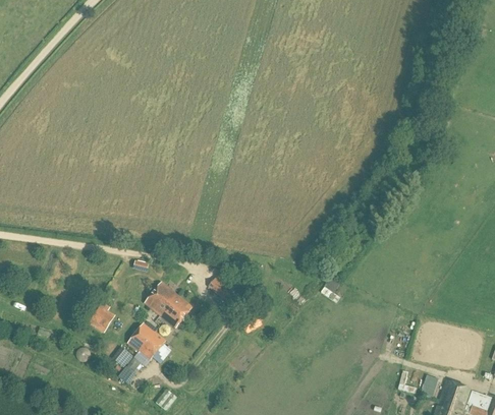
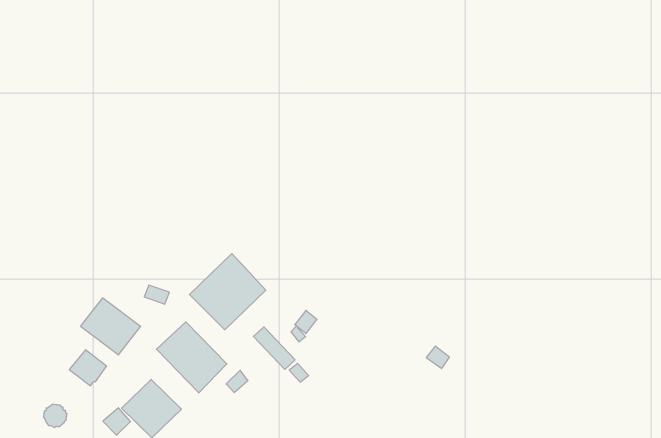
building: none -> [189,254,266,330]
building: none -> [81,298,141,355]

